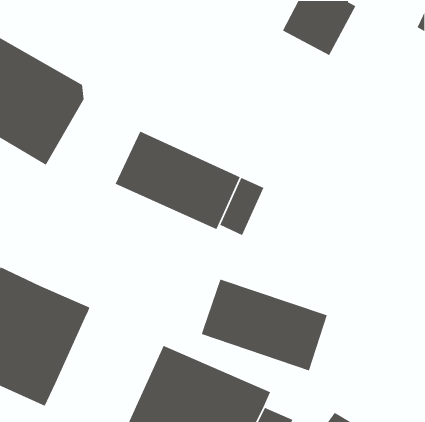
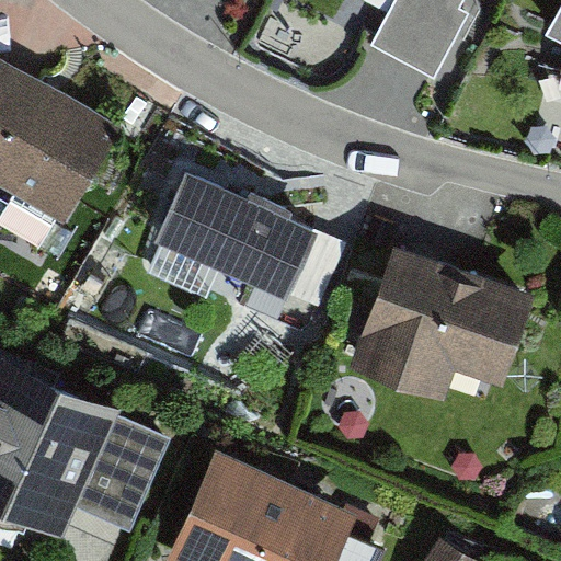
building: none -> [350,242,533,400]
building: [201,278,328,371] -> none
building: none -> [73,415,171,534]

